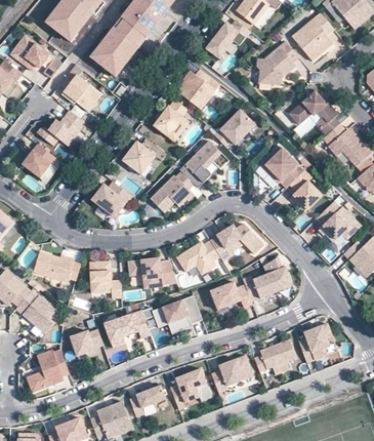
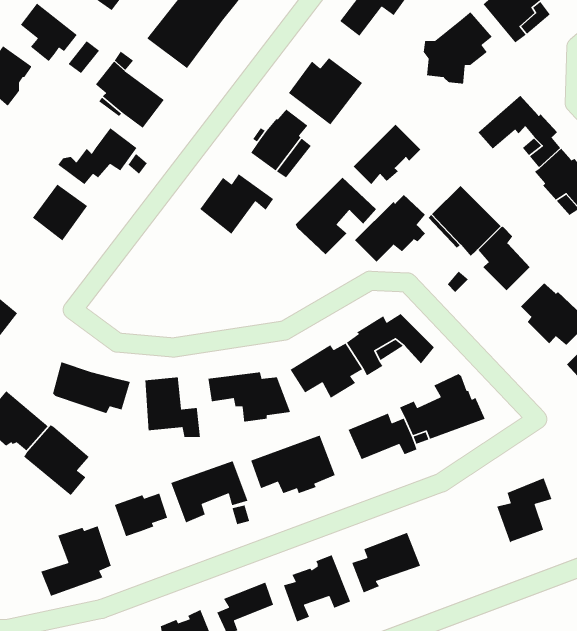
building: [151,171,194,212] -> [354,194,426,263]
building: [91,182,132,217] -> none
building: [256,337,298,373] -> none

